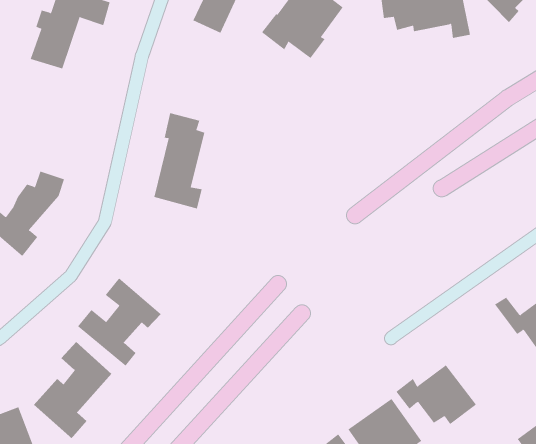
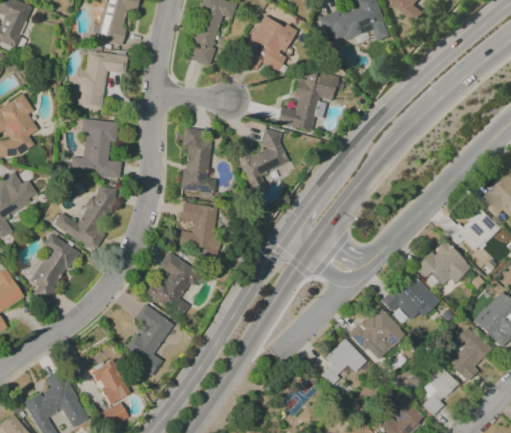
building: none -> [277,71,338,132]
building: none -> [70,119,121,177]
building: none -> [234,129,289,194]
building: none -> [179,203,220,256]
building: none -> [414,241,470,286]

